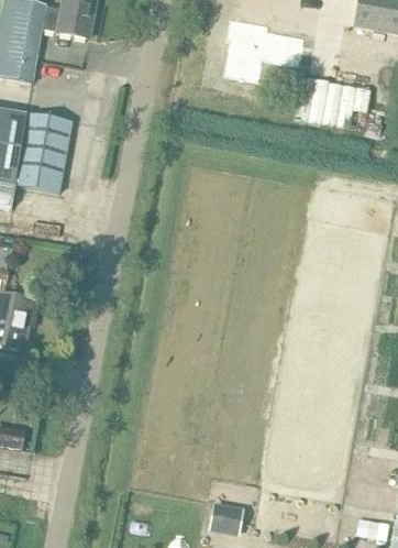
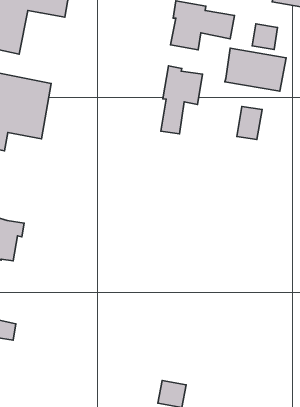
building: none -> [252,24,278,50]
building: none -> [161,66,202,134]
building: none -> [237,106,262,139]

